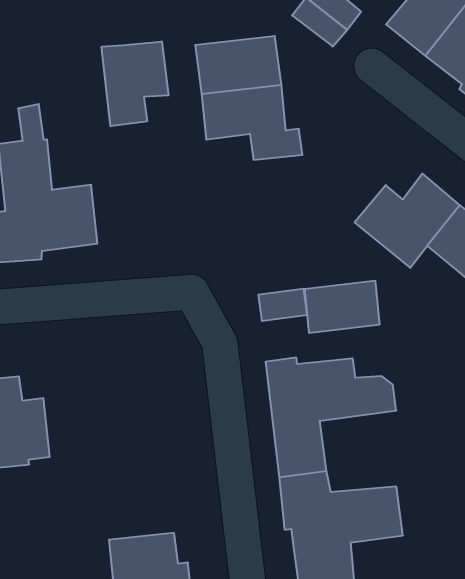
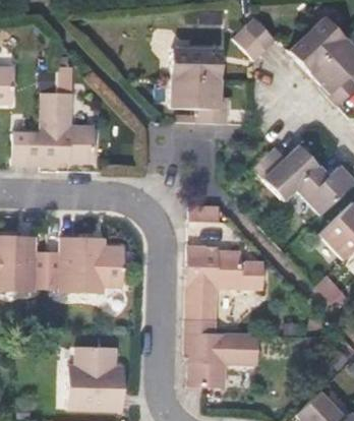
building: [102,41,168,126] -> none
building: [305,281,379,333] -> none
building: none -> [47,237,124,293]

